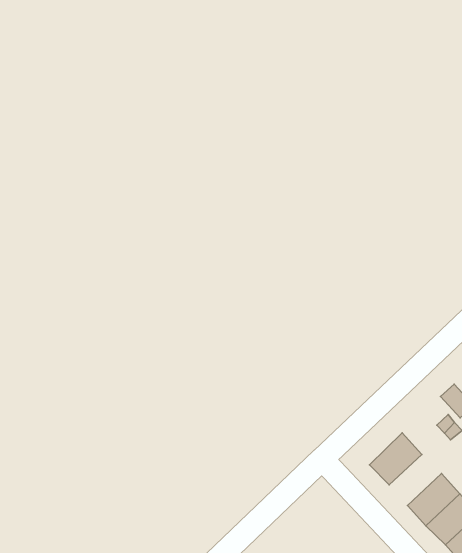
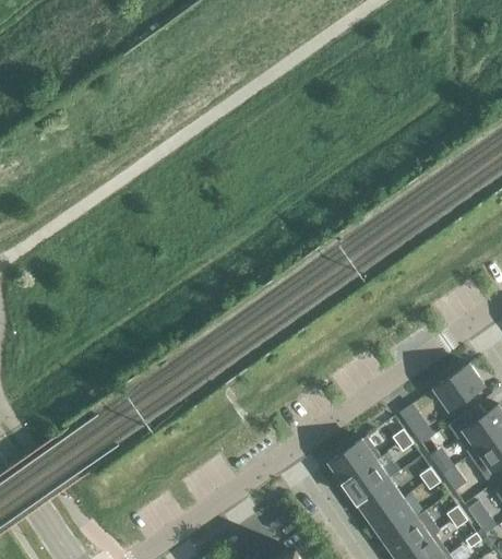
building: none -> [345,460,391,501]

